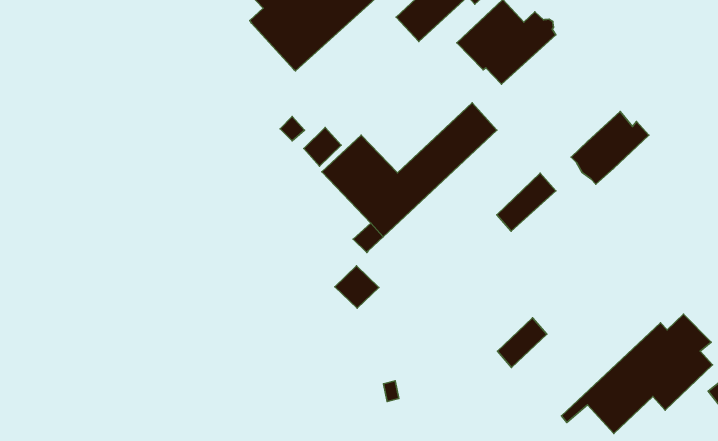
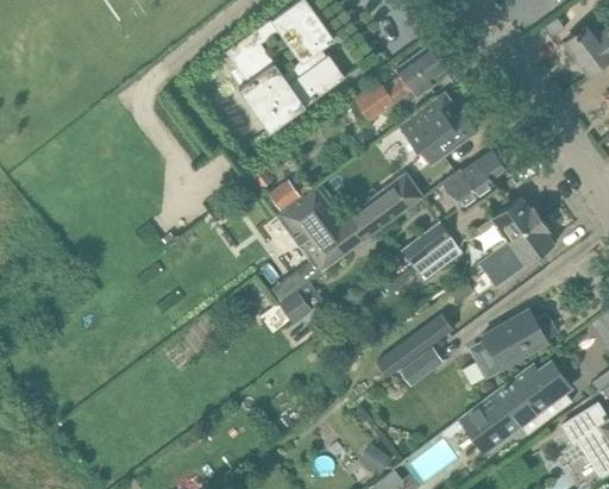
building: none -> [442,150,506,209]
building: none -> [479,218,553,284]
building: none -> [400,221,451,265]
building: none -> [471,309,557,377]
building: none -> [376,314,453,377]

